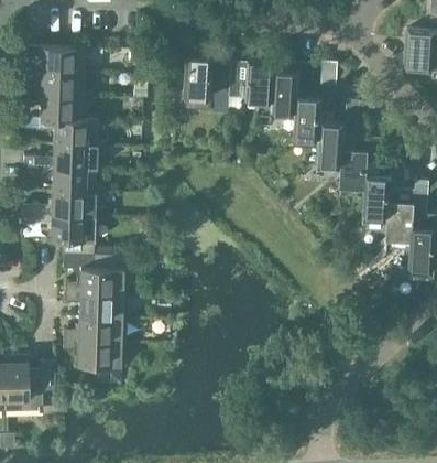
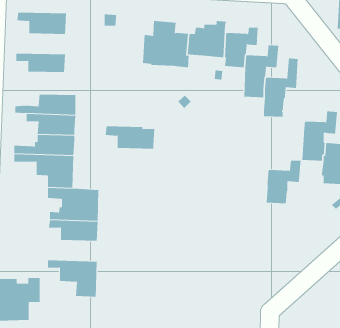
building: [24,73,84,97] -> none
building: [37,118,97,146] -> [105,126,155,149]
building: [340,139,382,191] -> [266,160,301,204]
building: [62,317,121,343] -> none

